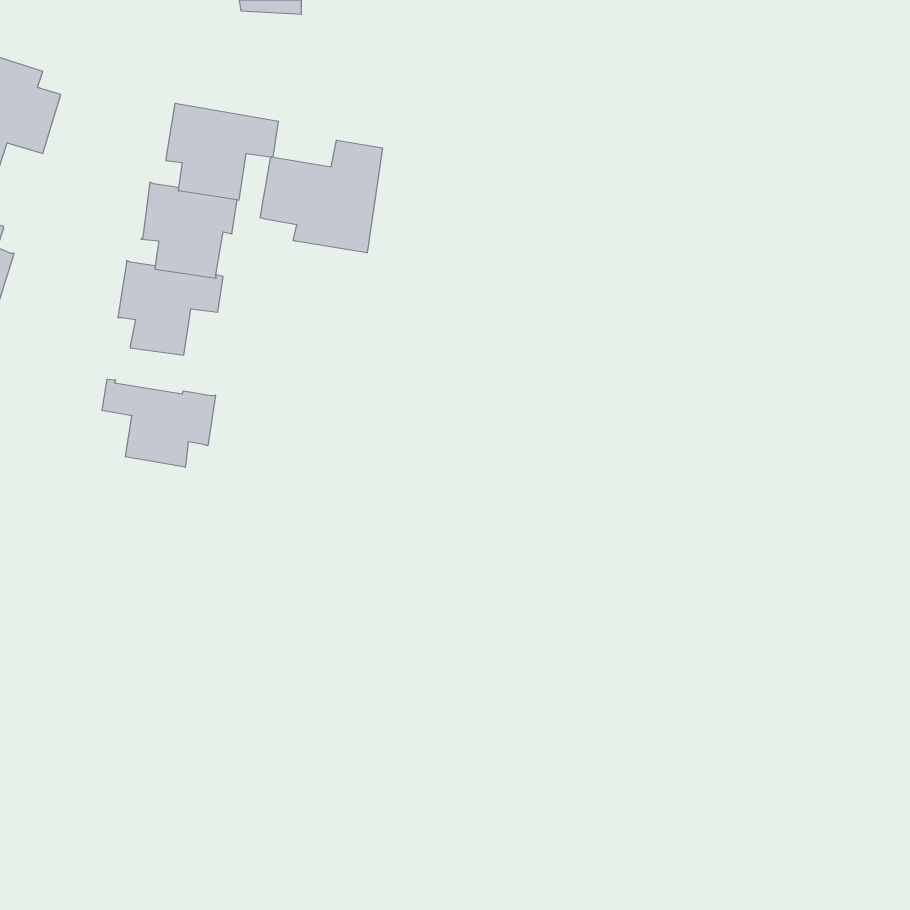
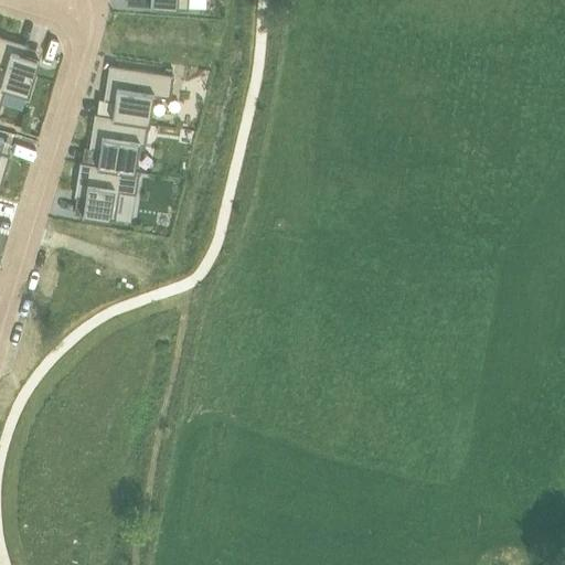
building: [260,140,383,253] -> none
building: [102,379,216,467] -> none

